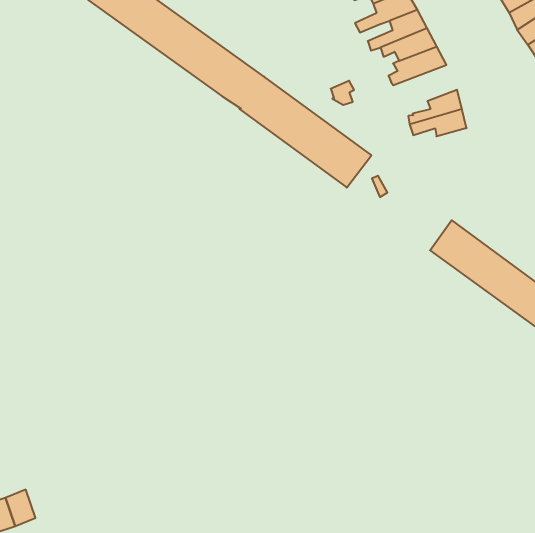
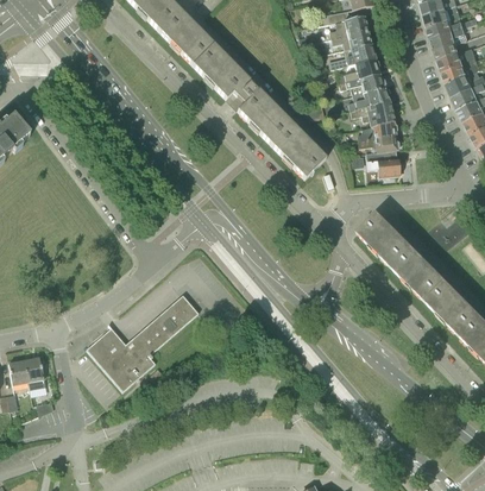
building: none -> [351,101,396,126]
building: none -> [366,149,401,175]
building: none -> [87,294,199,390]

